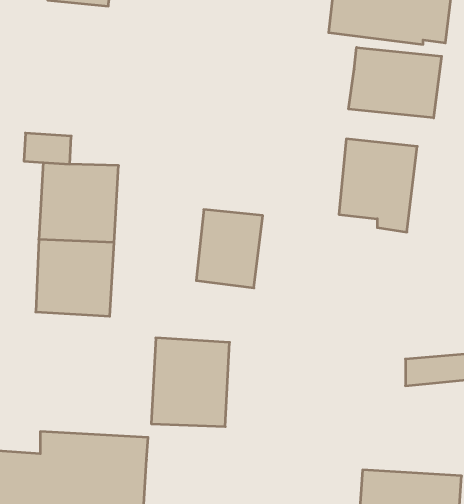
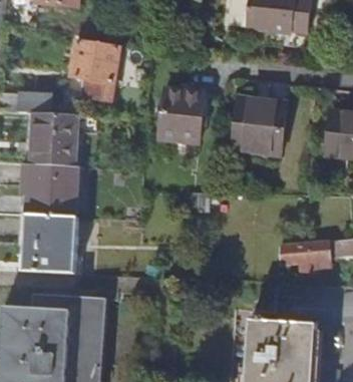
building: [349,47,442,118] -> none
building: none -> [69,39,117,99]
building: [196,210,263,288] -> [159,88,205,141]
building: [151,338,230,427] -> [24,214,77,274]

